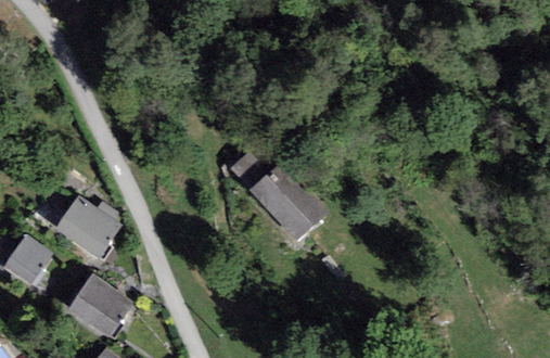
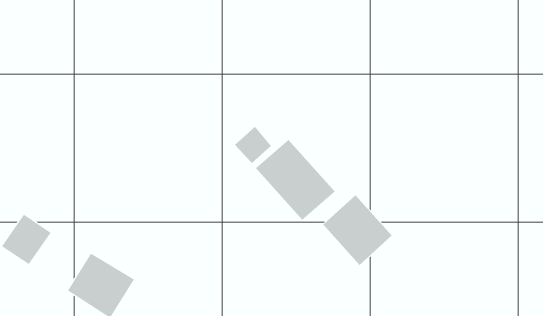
building: [53,194,120,258] -> none
building: none -> [323,194,392,266]

